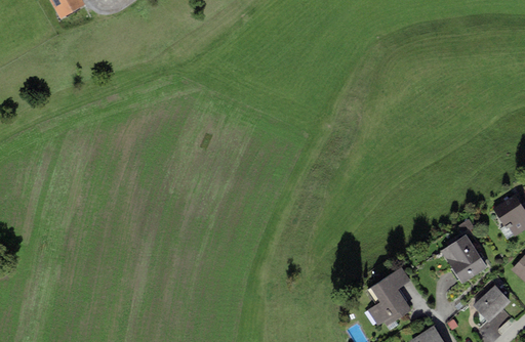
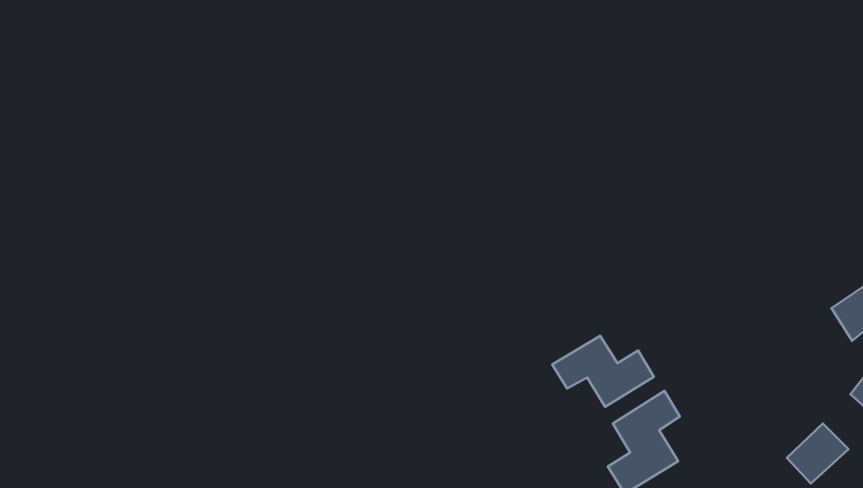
building: none -> [552,336,654,407]
building: [441,234,487,283] -> none

